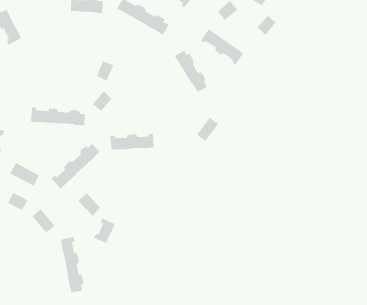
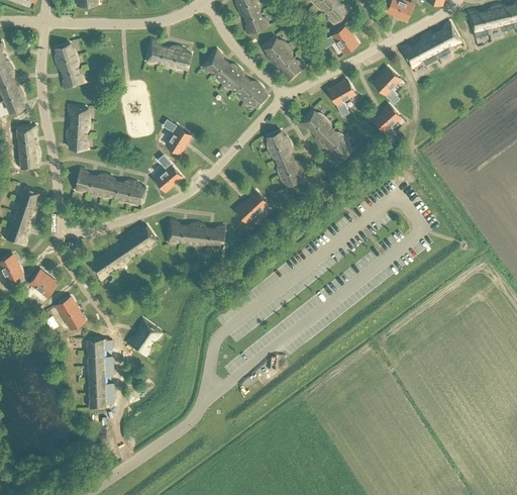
building: none -> [67,108,92,150]
building: [196,117,219,142] -> [237,192,268,222]
building: [10,162,39,187] -> none
building: [78,193,101,216] -> none

